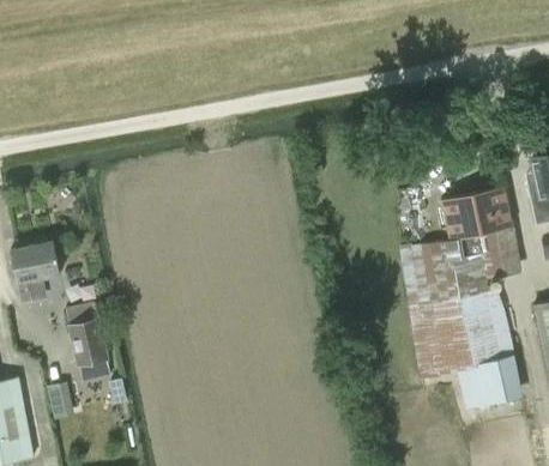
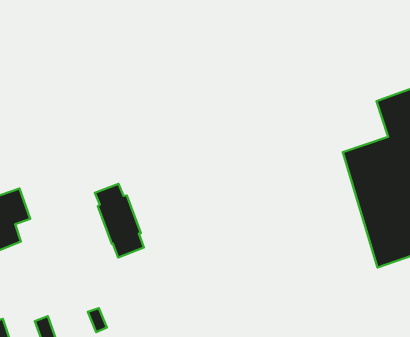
building: [66,305,110,383] -> [95,184,144,258]

